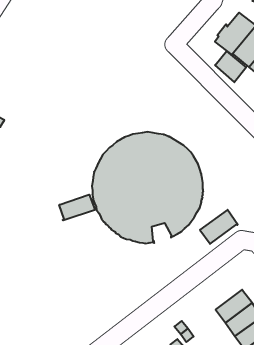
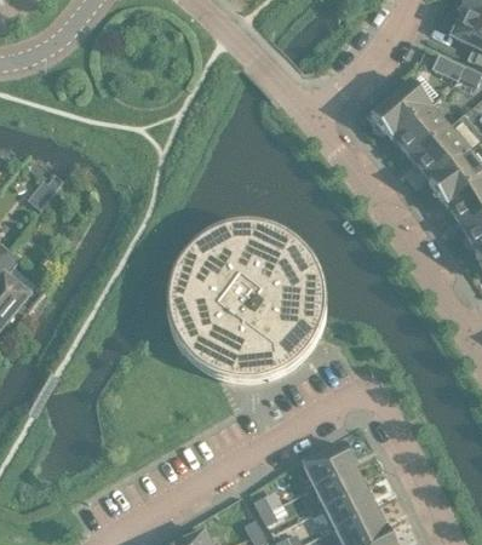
building: [215,51,246,82] -> none
building: [59,195,96,220] -> none
building: [200,210,238,244] -> [303,443,356,487]

